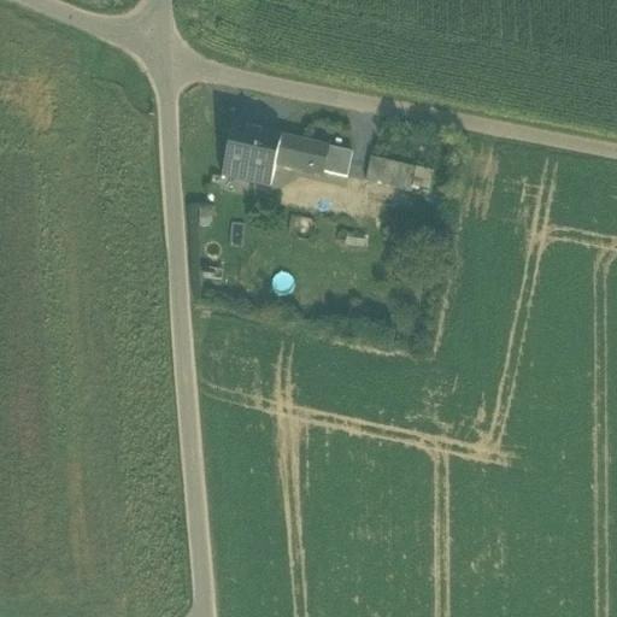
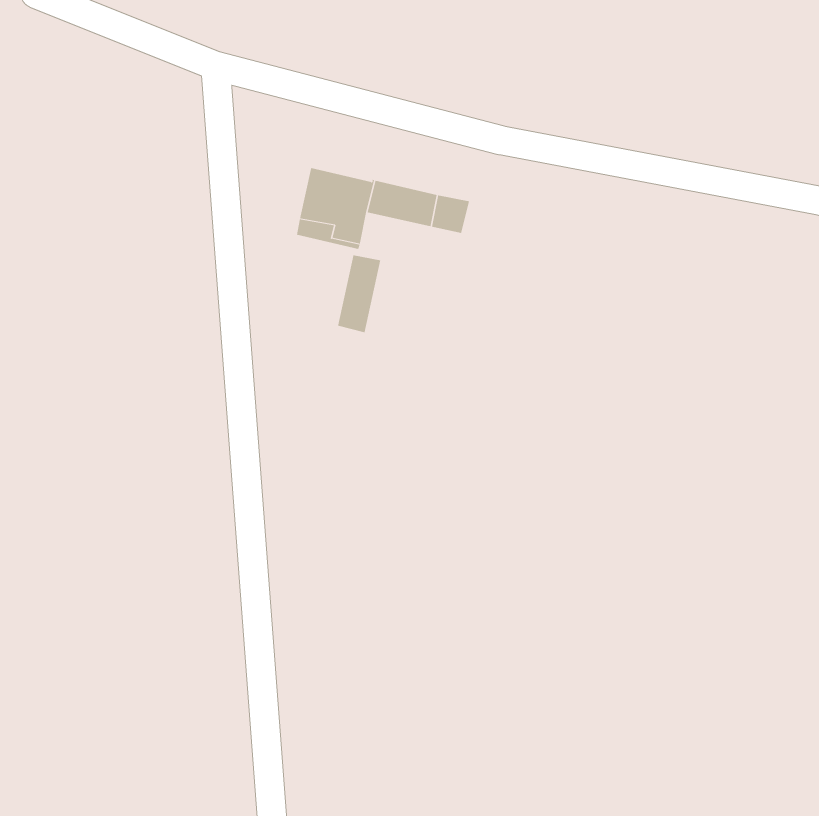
building: [368,155,418,189] -> none
building: none -> [337,254,381,333]

